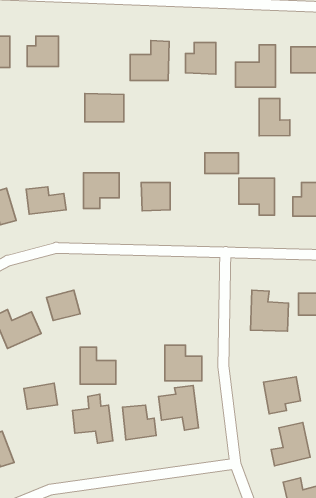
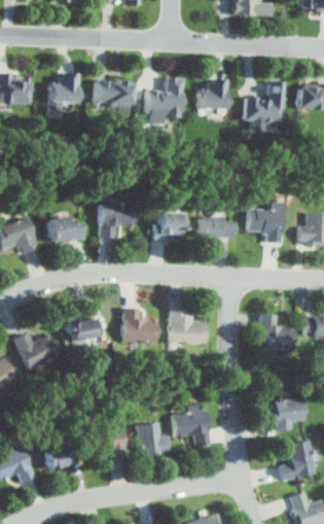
building: [85,93,124,122] -> [94,81,131,108]
building: [259,99,290,136] -> none
building: [205,153,238,173] -> [200,217,231,237]
building: [165,345,202,381] -> [170,311,205,345]
building: [80,347,116,384] -> [123,308,157,343]
building: [24,383,57,409] -> [45,444,77,468]

